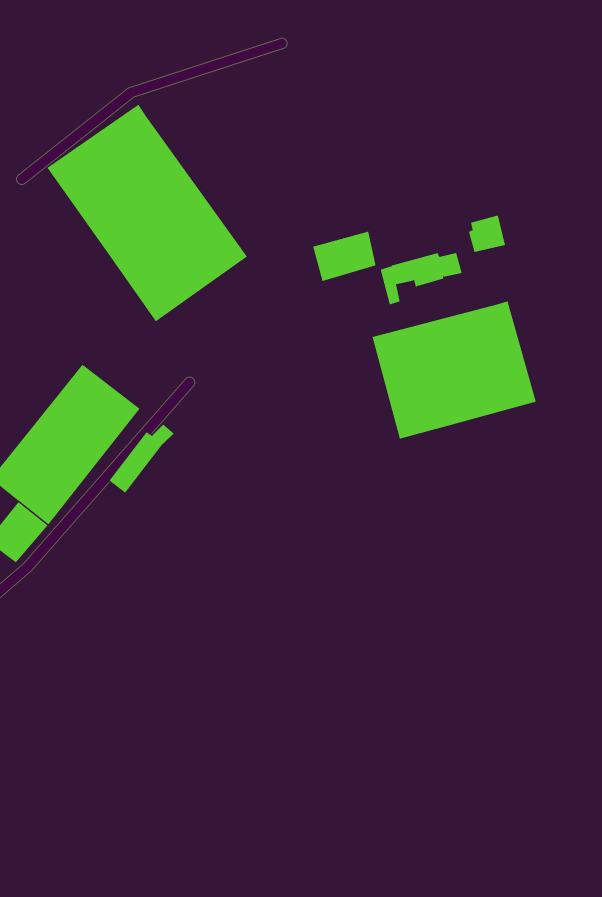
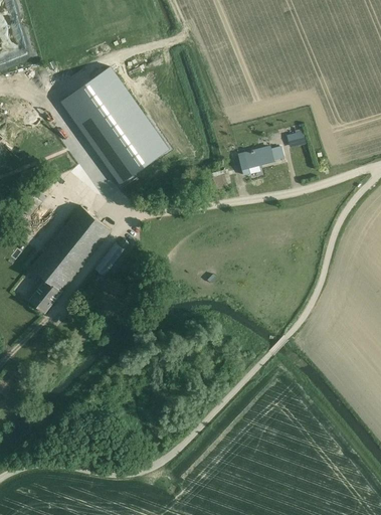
building: [312,231,376,282] -> none
building: [372,300,536,440] -> none

